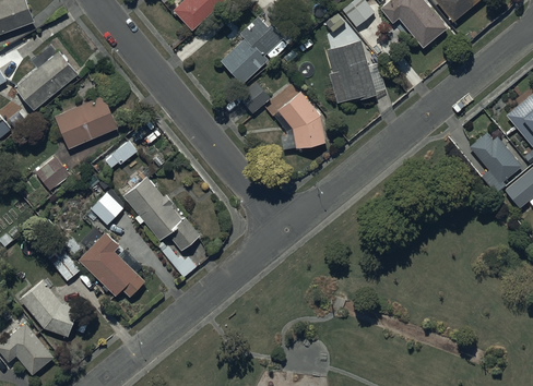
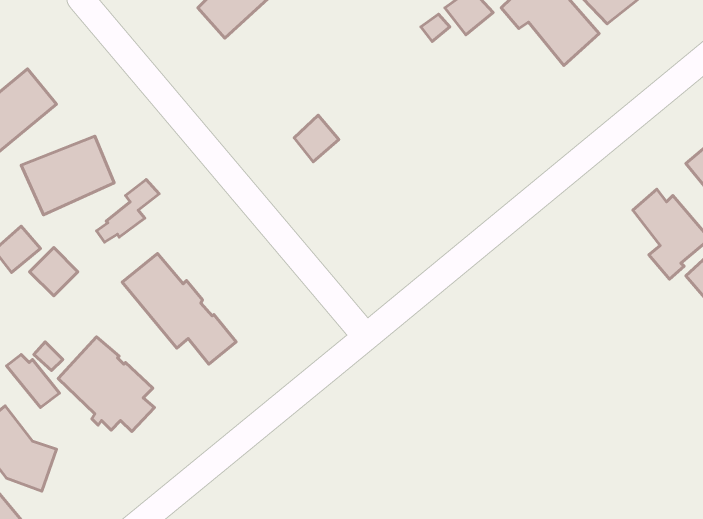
building: [221,15,285,83] -> none
building: [327,39,384,101] -> none
building: [277,91,325,147] -> none
building: [91,192,123,225] -> [30,248,78,296]

